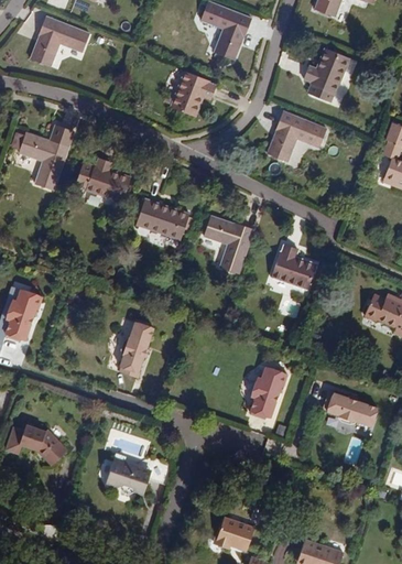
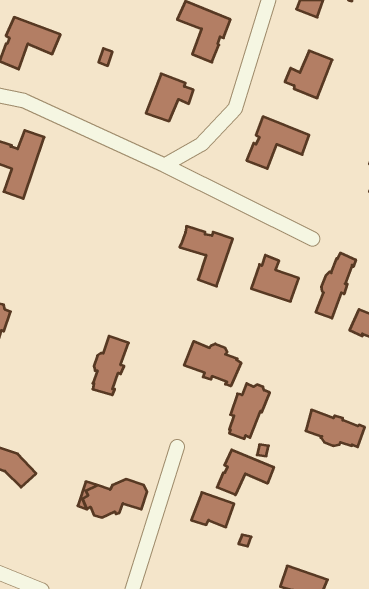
building: [75,158,130,200] -> none
building: [135,197,189,238] -> none
building: none -> [316,253,356,318]
building: none -> [184,341,241,386]
building: none -> [217,450,274,495]
building: [214,518,254,551] -> [191,492,234,527]

